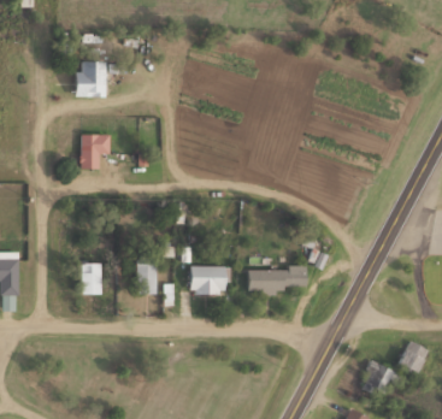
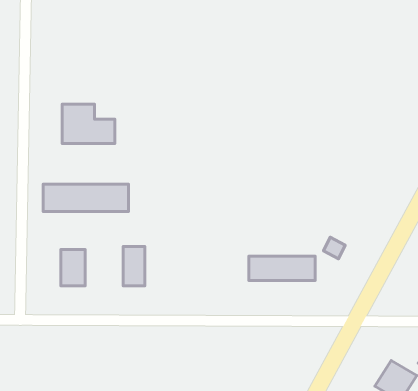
building: [75,61,105,98] -> none
building: none -> [43,184,128,212]
building: [190,266,229,295] -> none

